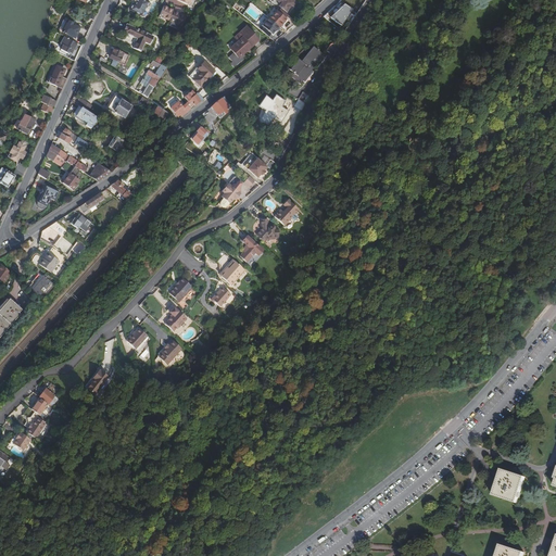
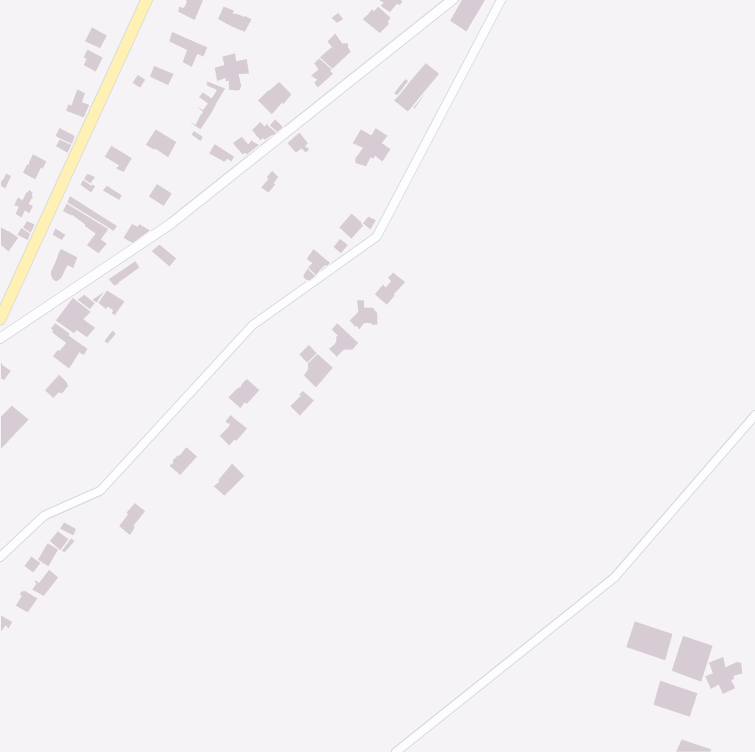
building: none -> [214,52,249,91]
building: none -> [625,621,673,661]
building: none -> [705,656,743,695]
building: none -> [653,680,698,718]

